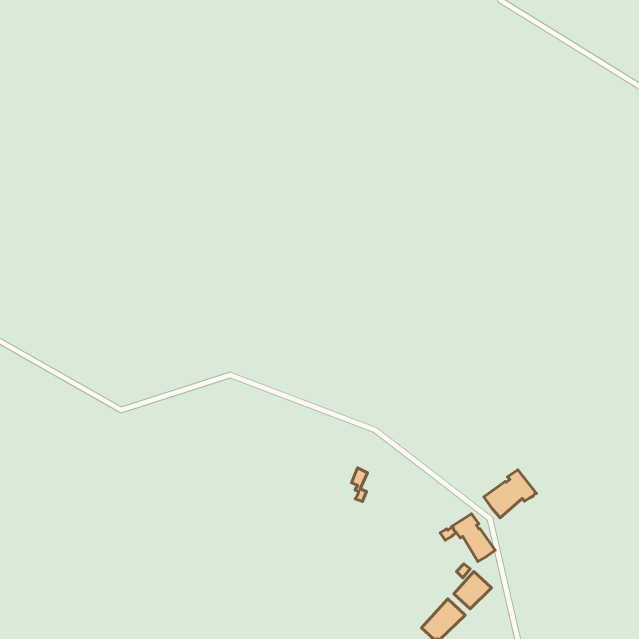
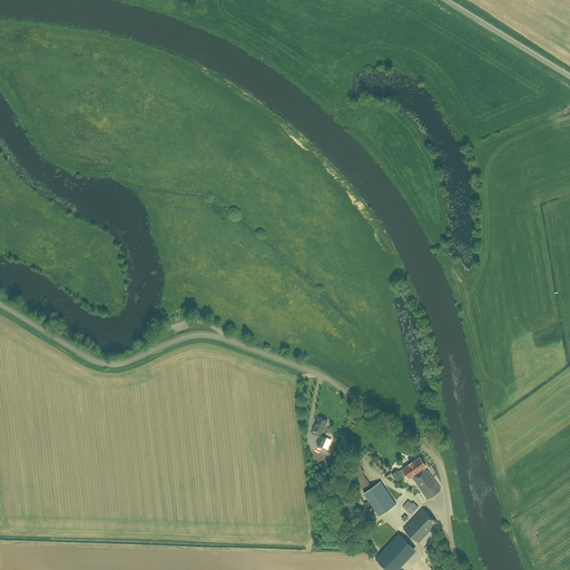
building: [484,470,537,518] -> none
building: none -> [364,481,396,515]

